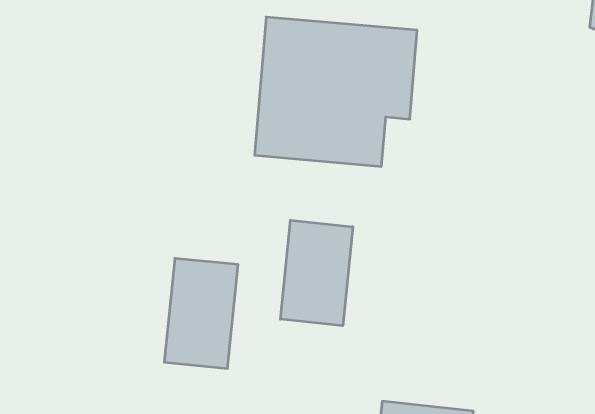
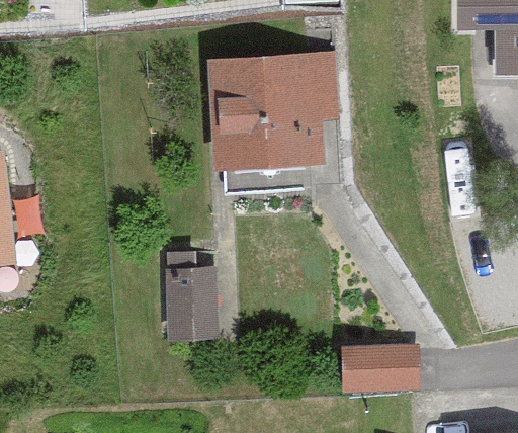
building: [280,220,353,326] -> none

